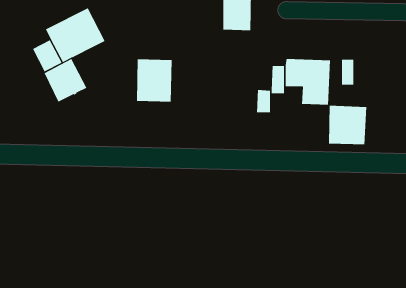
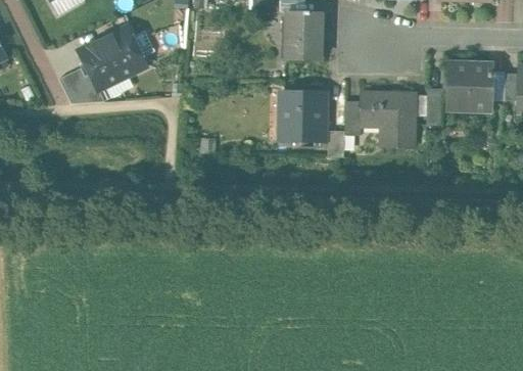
building: [44,58,87,102] -> none
building: [136,59,172,102] -> [281,89,324,140]
building: [328,105,367,145] -> [446,61,492,108]

